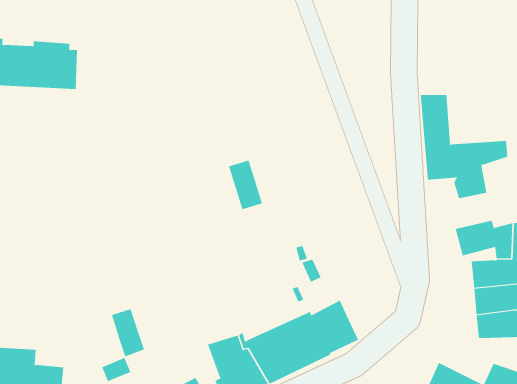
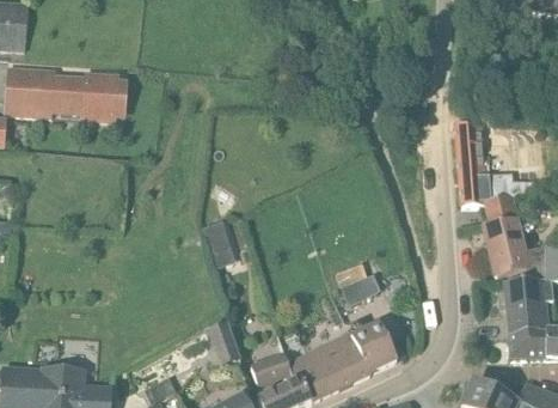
building: [228,160,263,210] -> [203,220,237,268]
building: none -> [482,218,523,252]
building: [111,309,145,357] -> [207,318,239,365]

